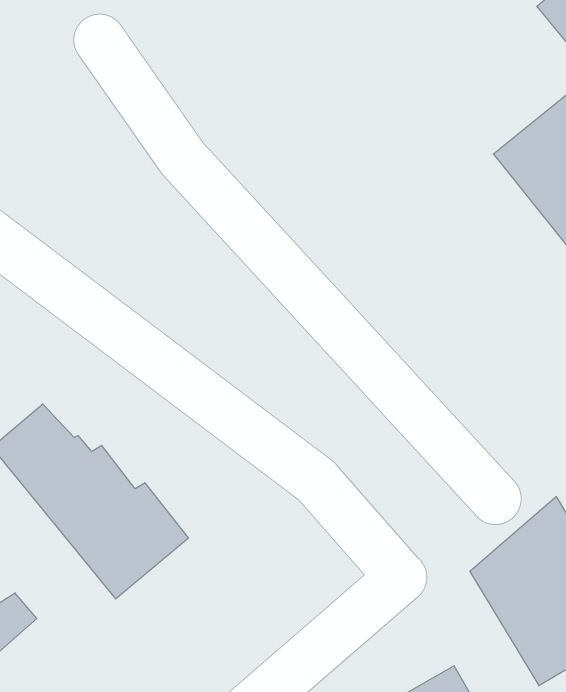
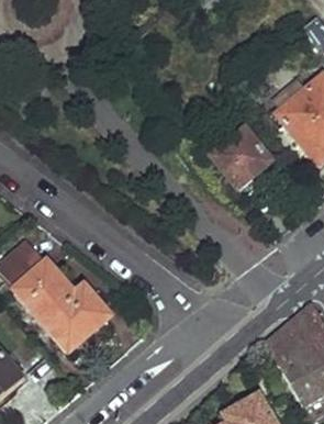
building: none -> [212,126,270,182]

